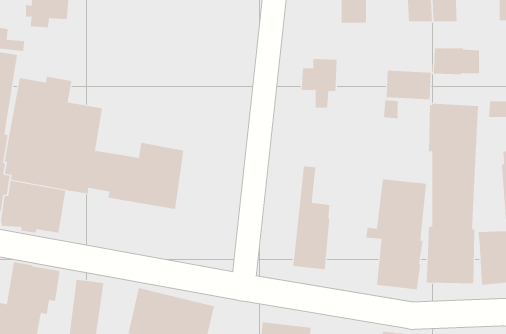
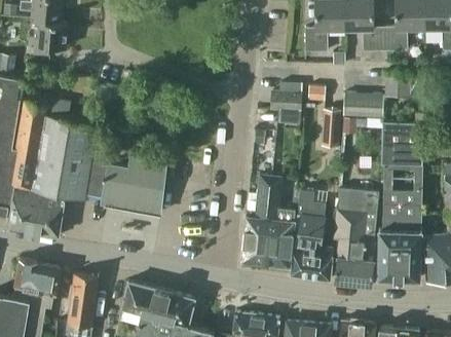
building: none -> [321,112,339,149]
building: none -> [241,177,271,265]
building: none -> [292,192,334,283]

